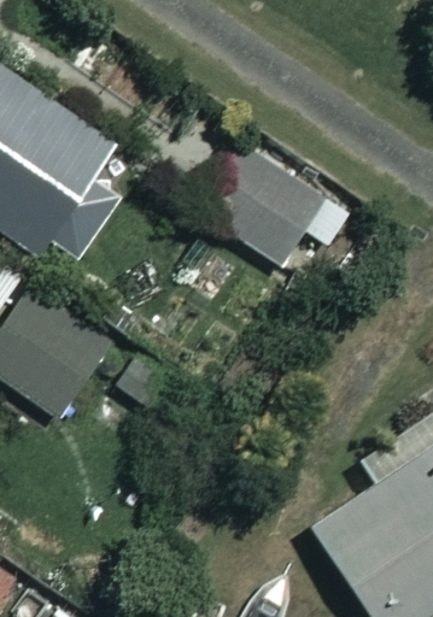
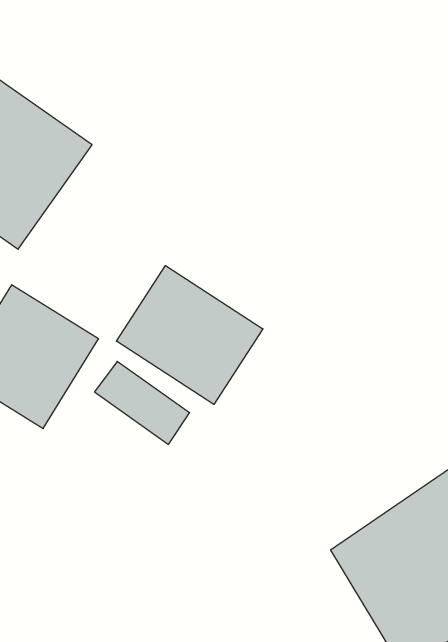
building: [199,142,329,266] -> none
building: none -> [116,266,263,404]

